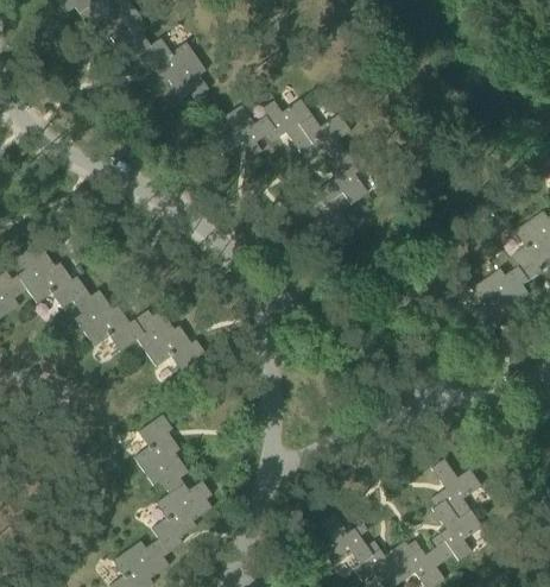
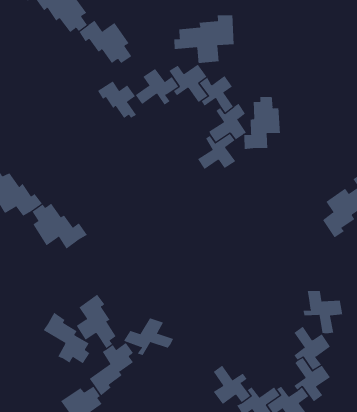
building: none -> [174,15,234,64]
building: none -> [97,81,137,119]
building: none -> [244,96,281,150]
building: [137,309,206,371] -> none
building: none -> [303,290,343,334]
building: none -> [43,312,90,364]
building: none -> [123,317,174,356]

